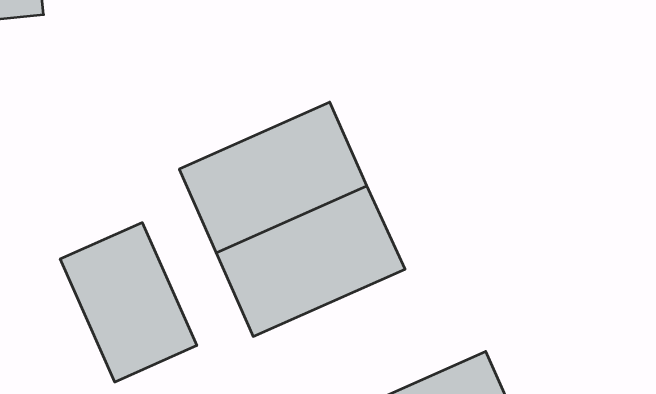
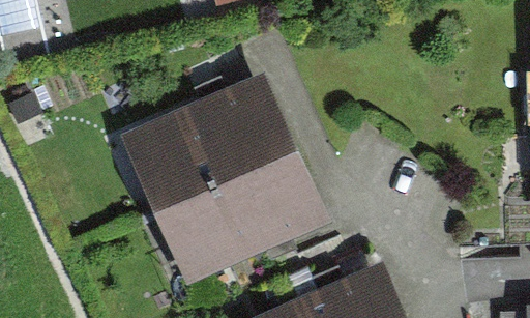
building: [60,223,197,382] -> none

